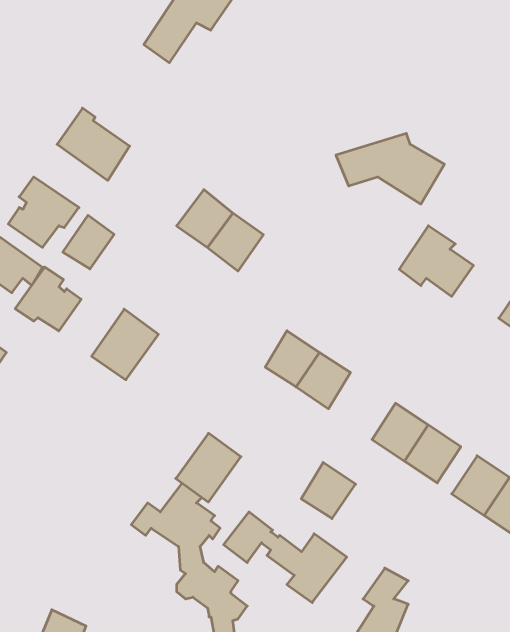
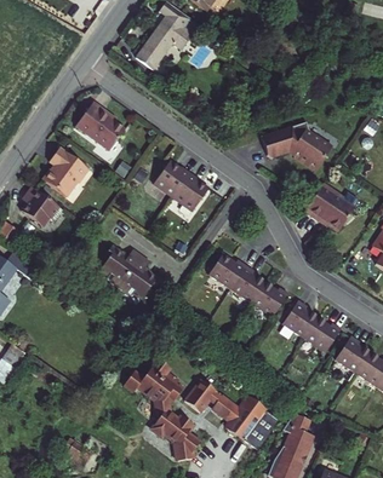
building: [63,215,114,269] -> none
building: [15,267,81,331] -> none
building: [176,433,241,502] -> [121,255,165,301]
building: [301,462,356,519] -> [257,281,293,318]

